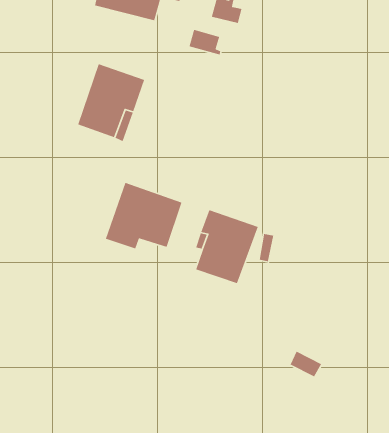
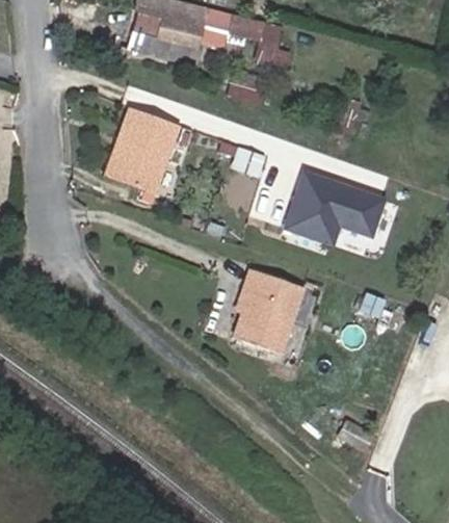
building: none -> [290,169,386,237]
building: [105,182,183,250] -> none

